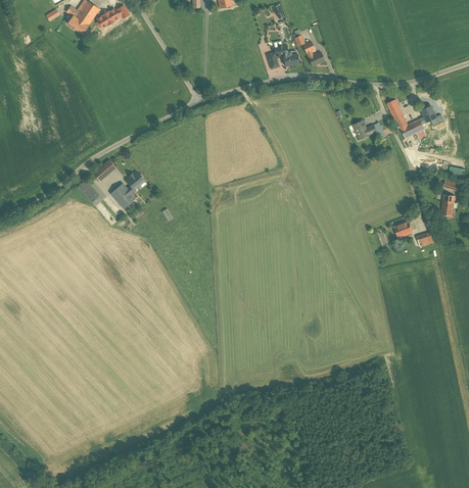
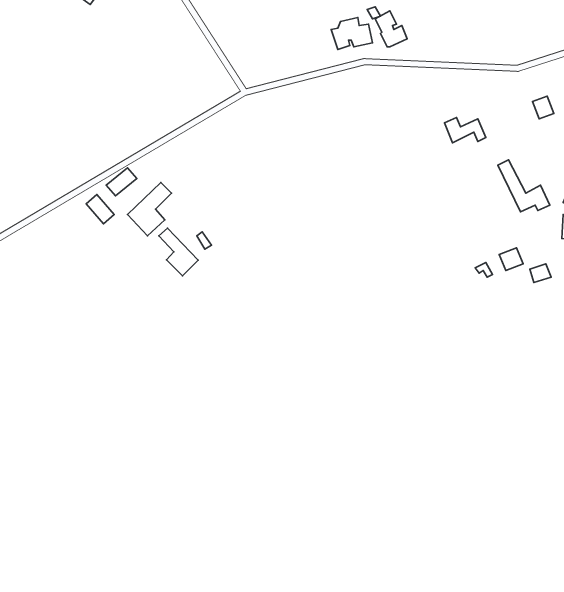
building: [387,99,427,139] -> [498,160,550,212]
building: none -> [159,228,198,276]

